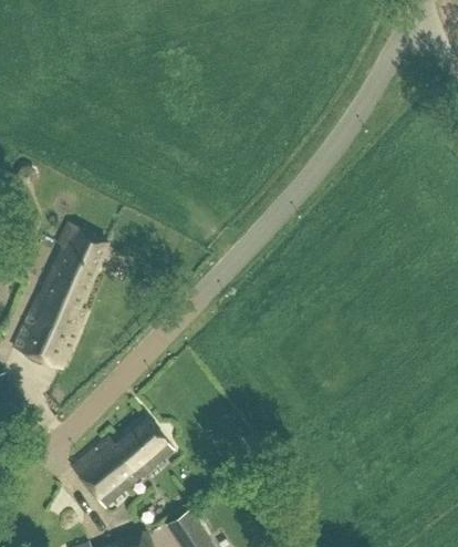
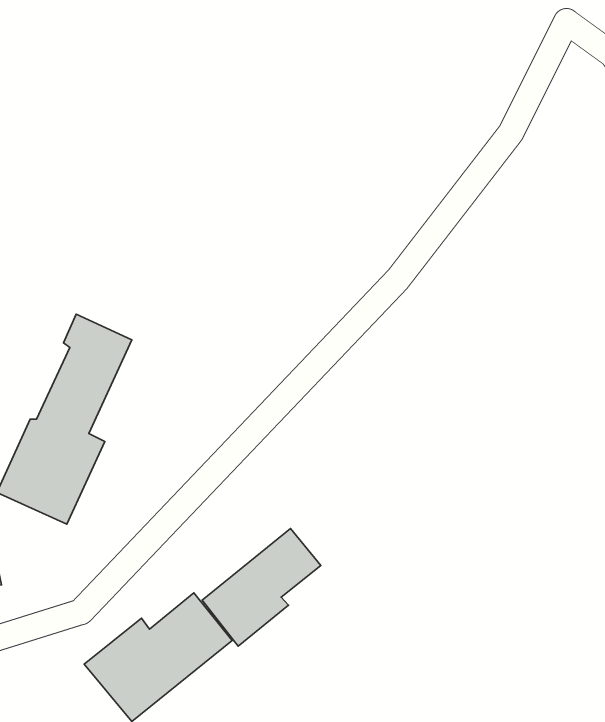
building: none -> [202,529,321,646]

